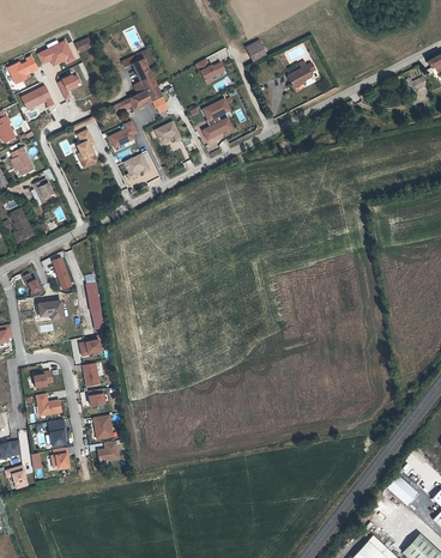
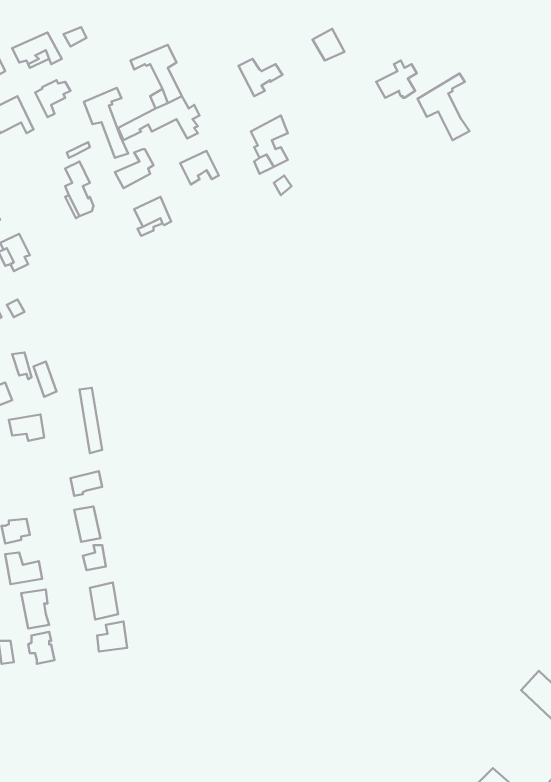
building: none -> [418,74,469,140]
building: none -> [84,88,128,158]

